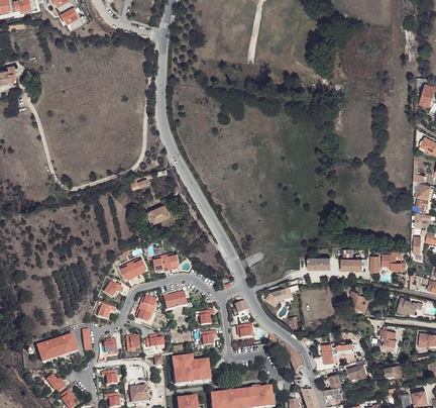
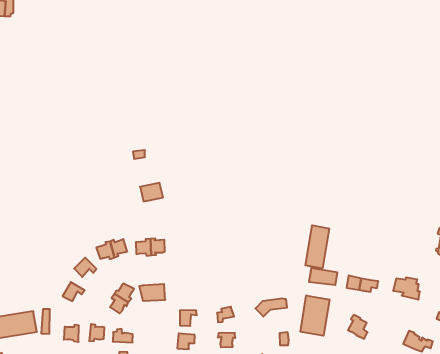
building: none -> [306,225,329,268]
building: none -> [300,295,329,336]

